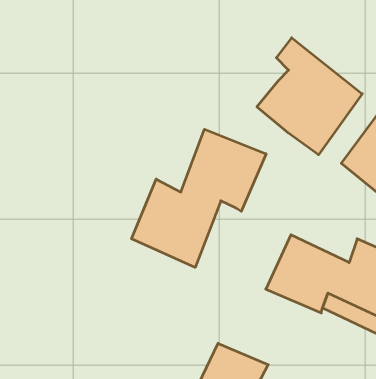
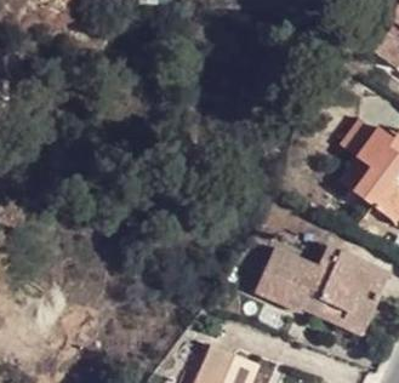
building: [257,38,362,155] -> none
building: [132,129,266,267] -> none

